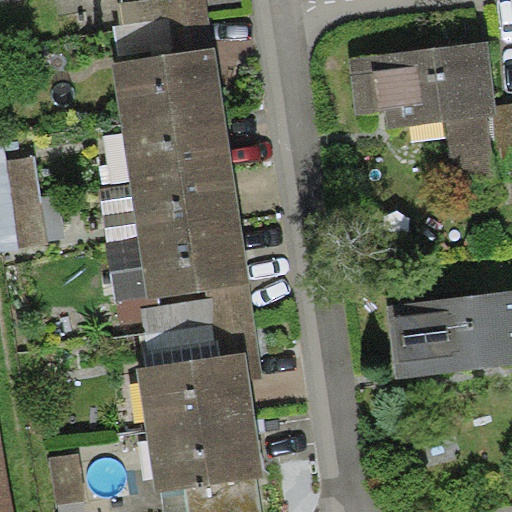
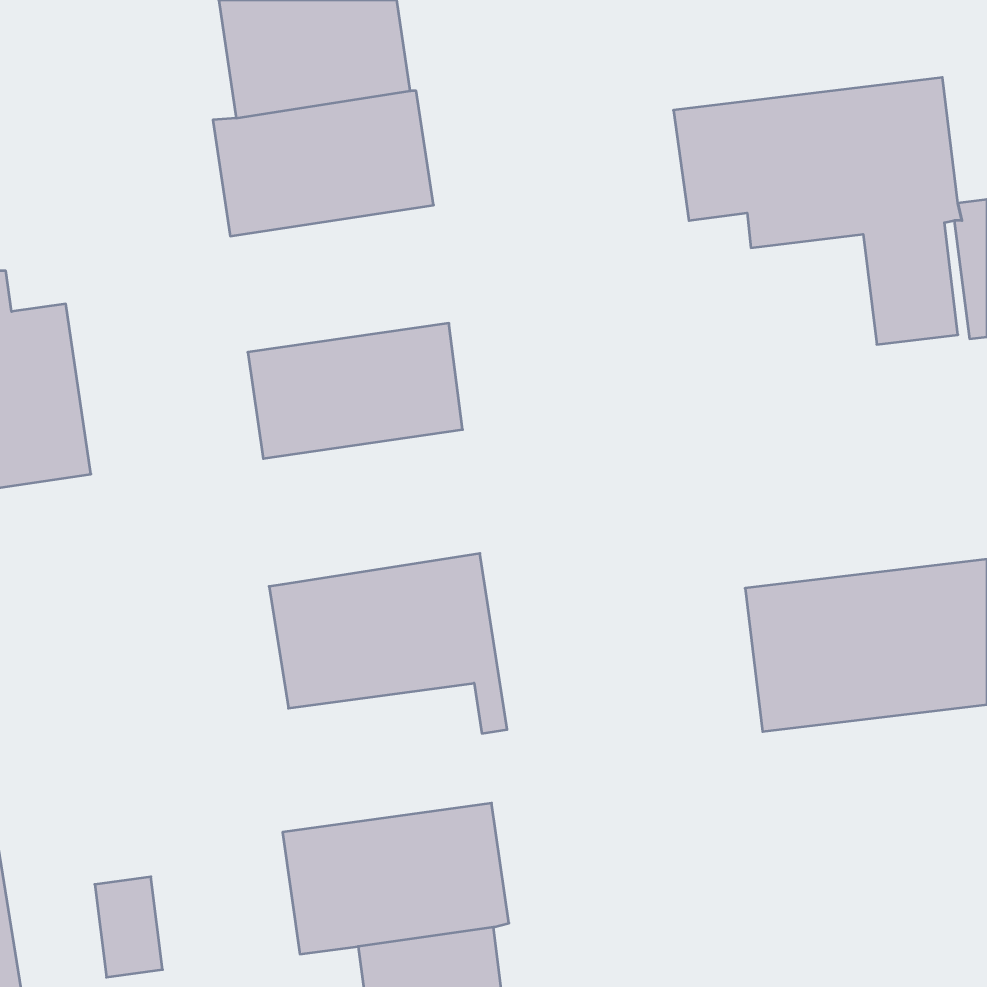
building: [119,107,232,183] -> none
building: [136,223,248,303] -> none
building: [137,354,254,431] -> none

